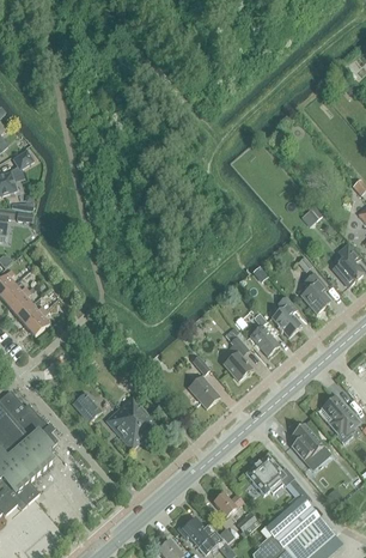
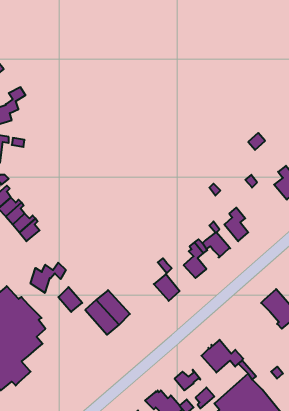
building: [301,273,329,313] -> none
building: none -> [31,263,66,293]
building: [288,423,323,469] -> none

